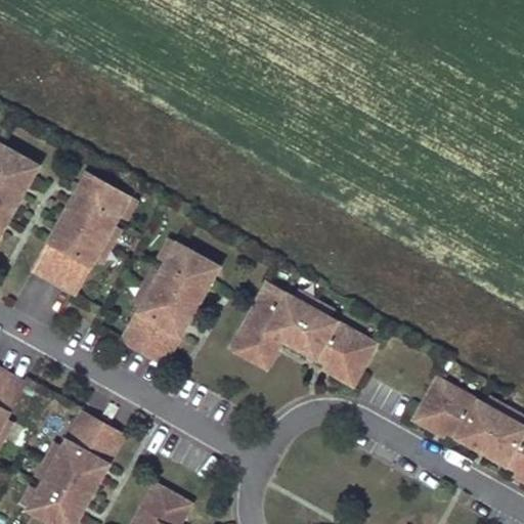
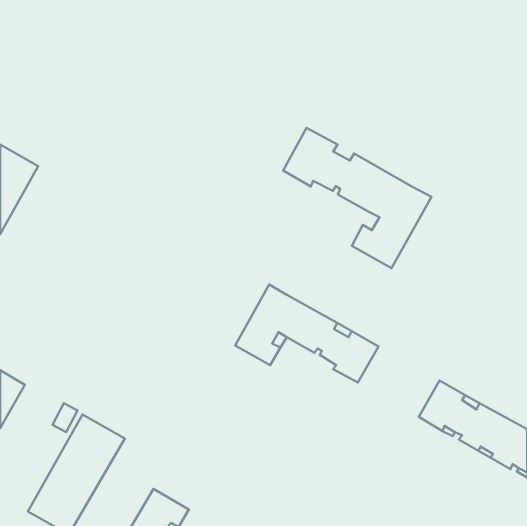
building: none -> [283,128,431,268]
building: [33,173,129,295] -> none
building: [122,244,218,364] -> none

